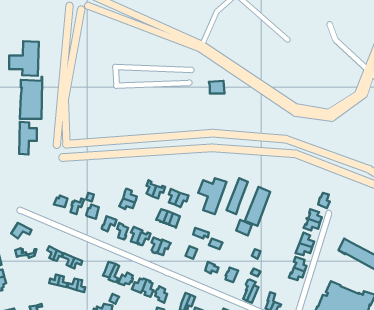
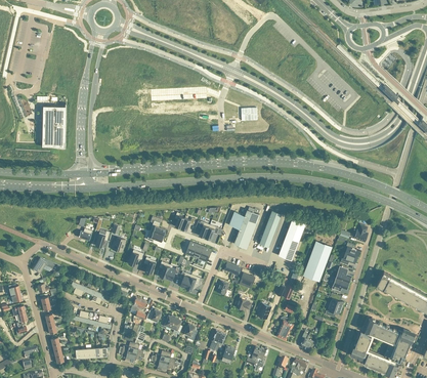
building: [9,41,39,76] -> none
building: [19,122,37,154] -> none
building: none -> [303,242,330,280]

